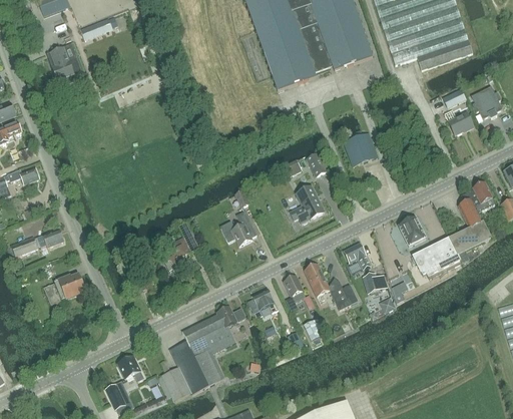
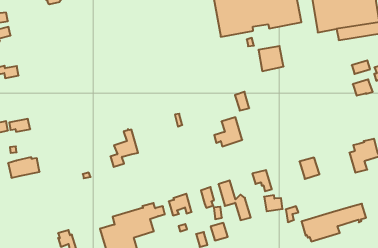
building: [343,131,377,165] -> [258,46,284,71]
building: [219,210,255,245] -> none
building: [412,222,490,278] -> [301,204,366,241]

